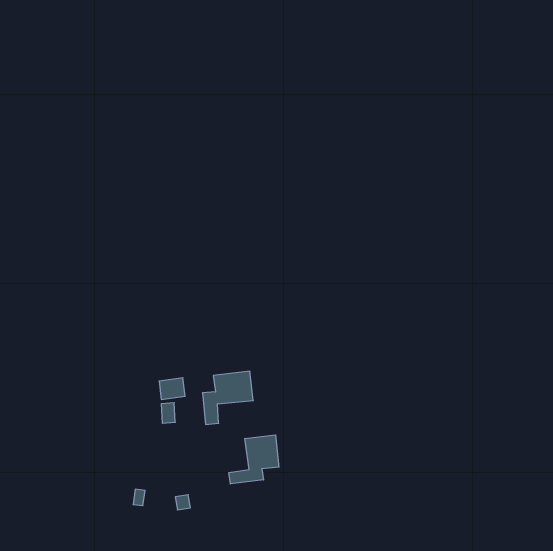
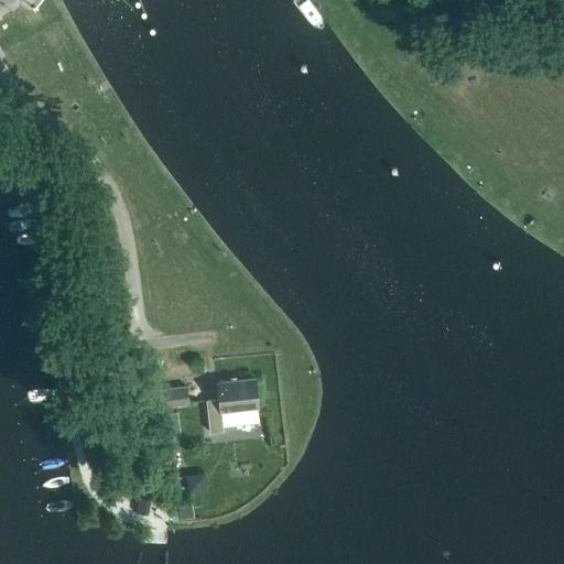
building: [229,435,279,484] -> none

